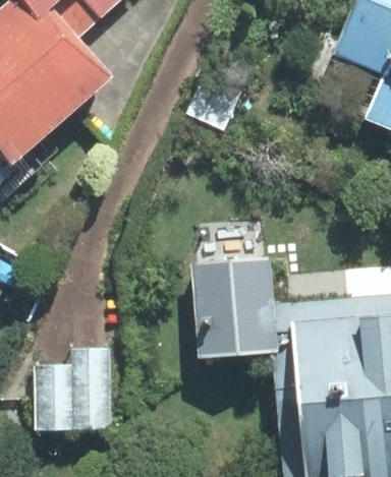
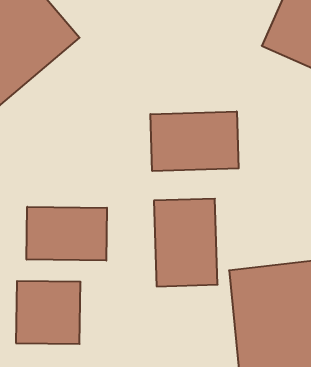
building: none -> [150,111,239,171]
building: none -> [27,207,107,261]

